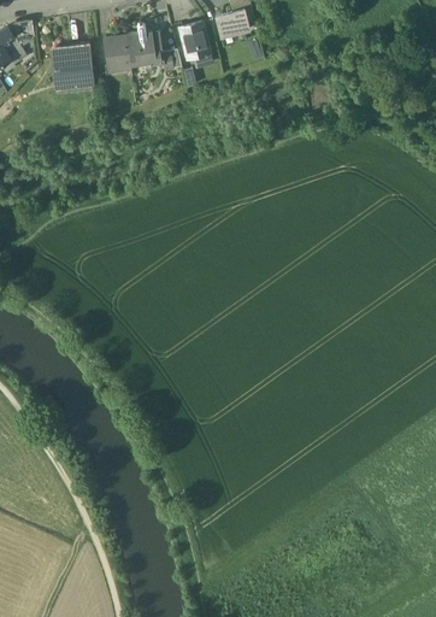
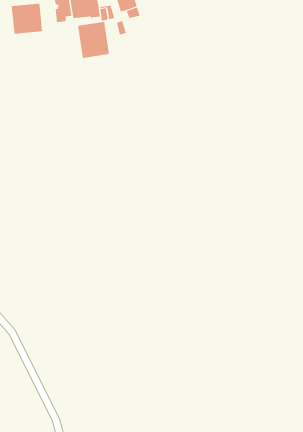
building: none -> [78,21,109,59]

